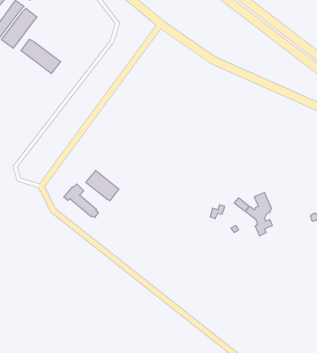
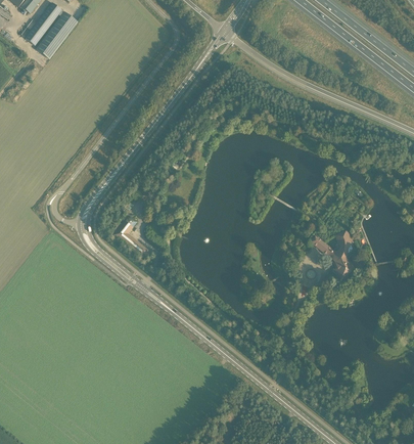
building: [21,39,61,74] -> none
building: [86,170,119,201] -> none

